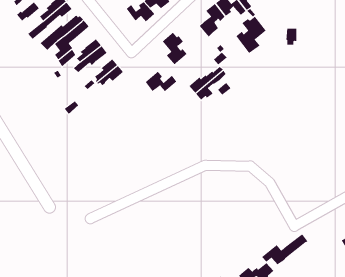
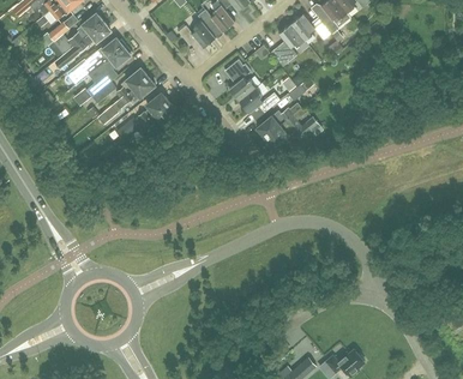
building: [236,16,267,54] -> none
building: [145,71,177,92] -> [239,86,279,113]
building: [261,234,308,265] -> none

